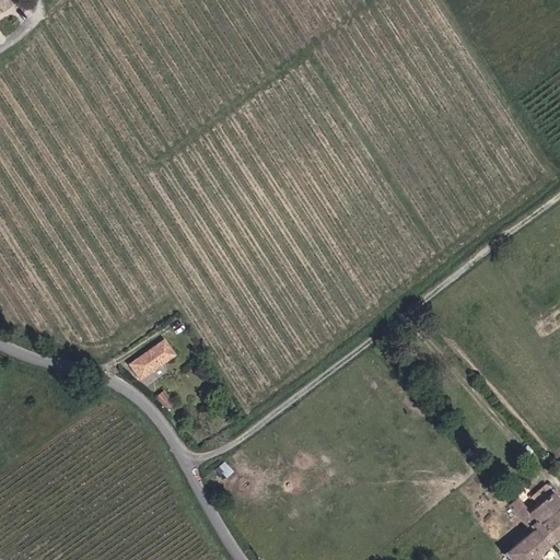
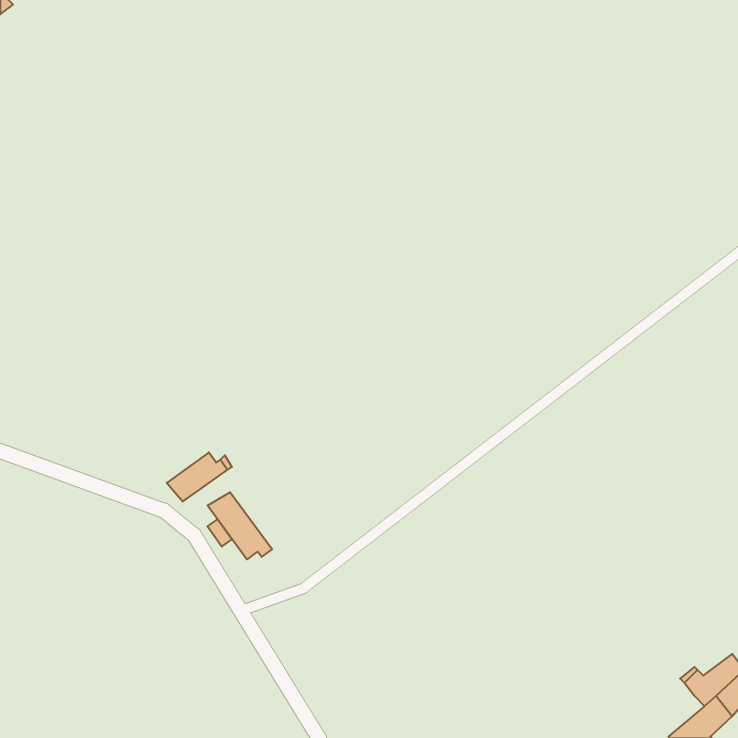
building: none -> [208,492,272,559]

